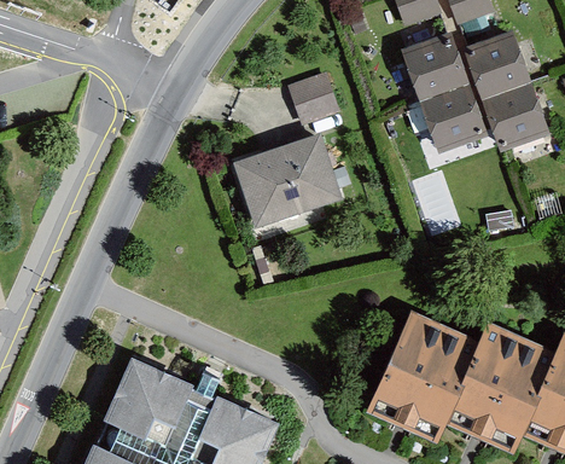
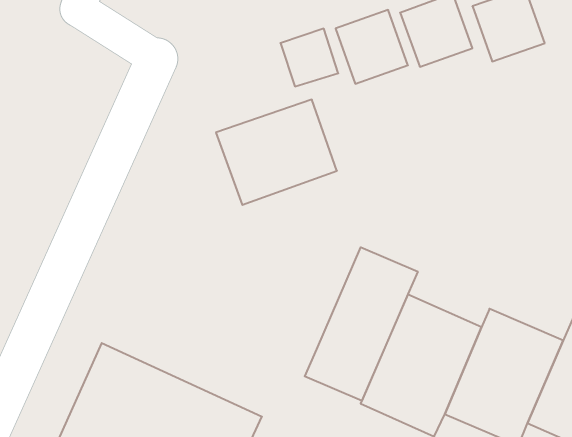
building: [485,81,552,149] -> none
building: [419,86,485,153] -> [336,10,408,84]
building: none -> [305,247,418,401]

